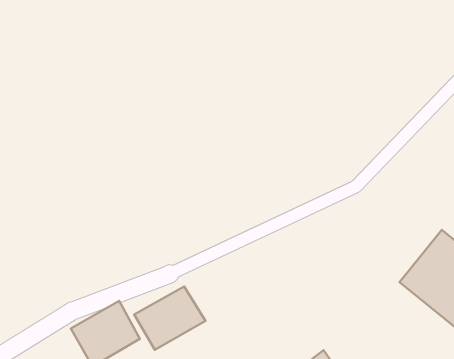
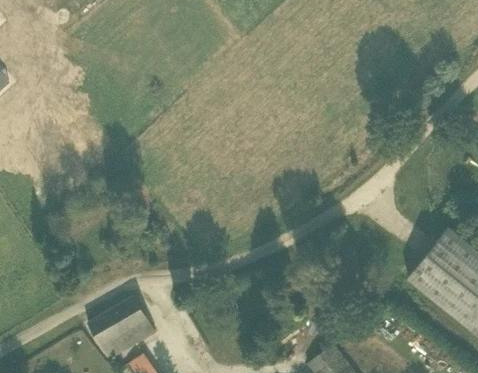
building: [134,286,205,350] -> none

